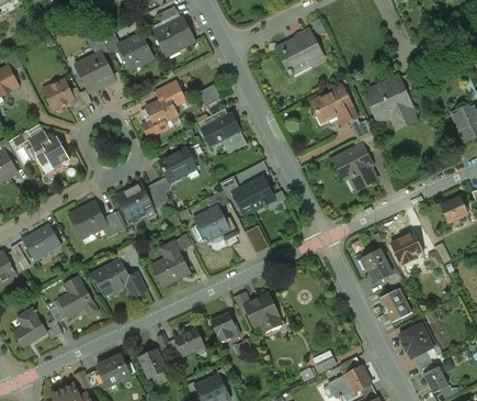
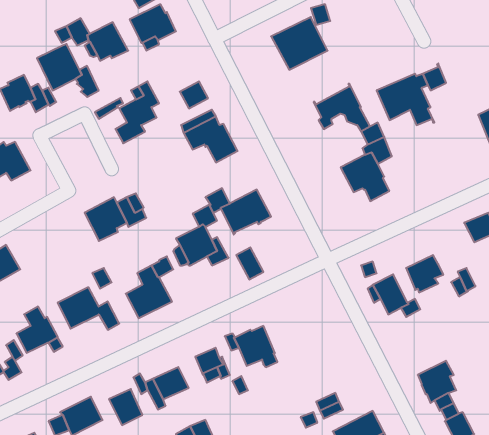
building: [159,147,195,180] -> none
building: [68,201,124,236] -> none
building: [378,287,411,322] -> none

